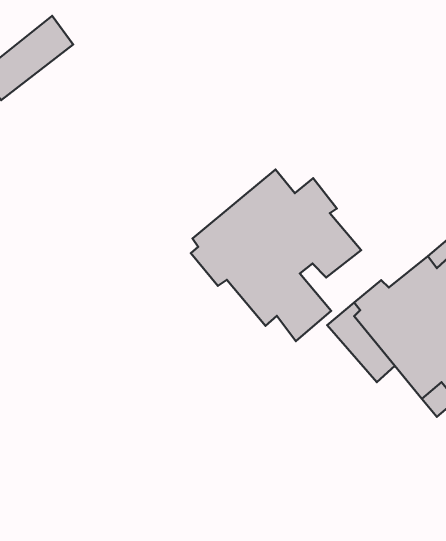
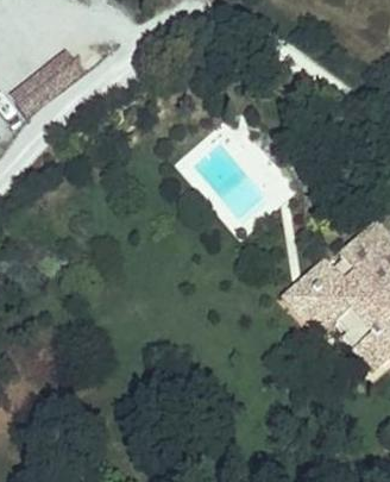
building: [191,169,361,341] -> none

